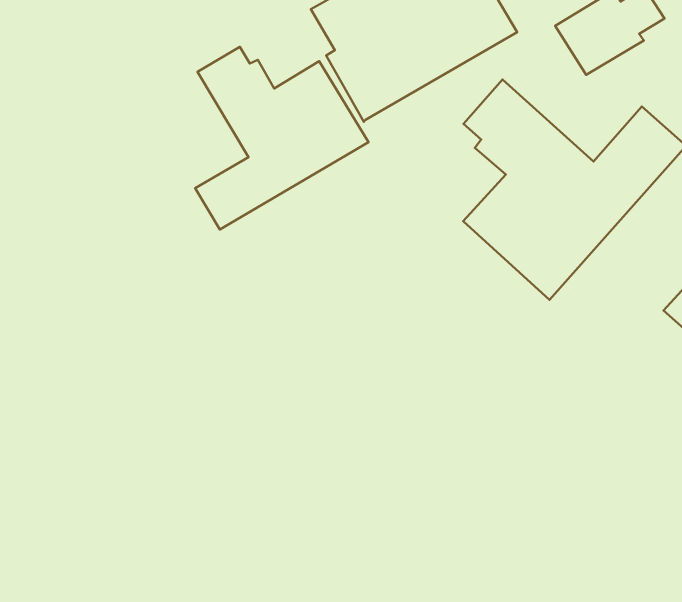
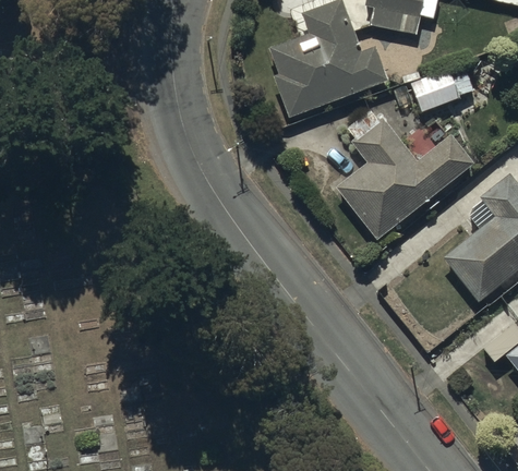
building: [195,47,369,229] -> none

